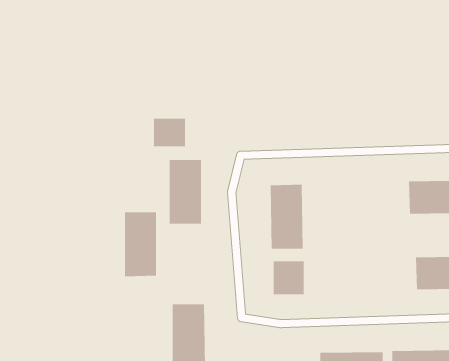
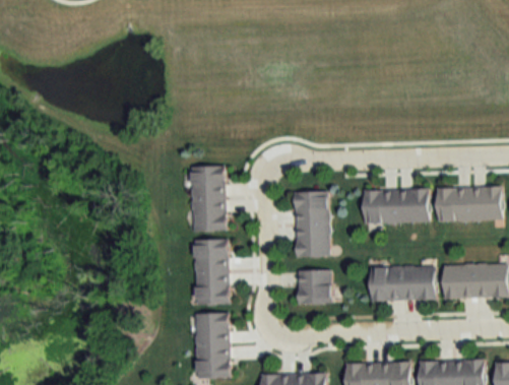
building: [153,118,186,147] -> none
building: none -> [364,189,428,223]
building: [124,212,157,277] -> [195,239,229,305]
building: none -> [370,266,435,301]

